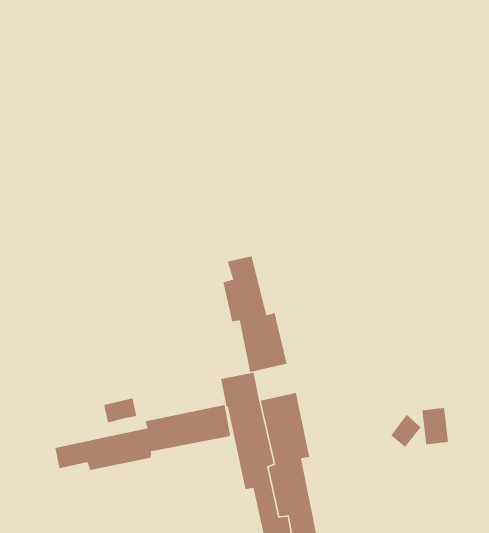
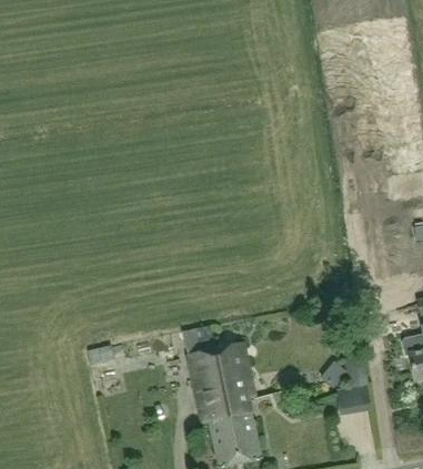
building: [222,255,287,373] -> none
building: [55,404,231,471] -> none

